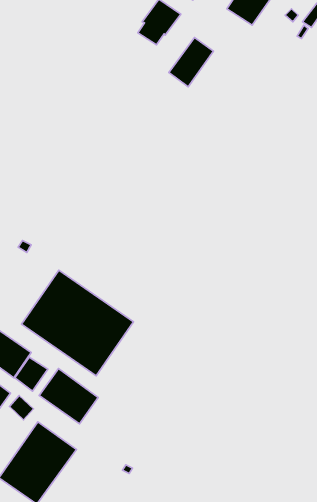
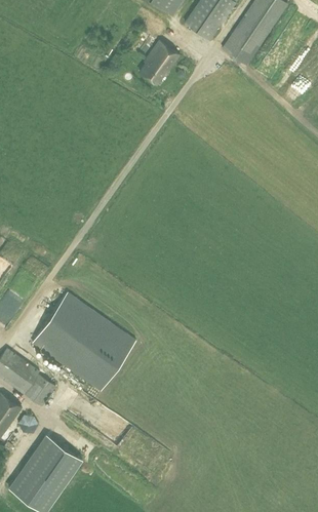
building: [169,38,214,87] -> none
building: [39,369,98,424] -> none

